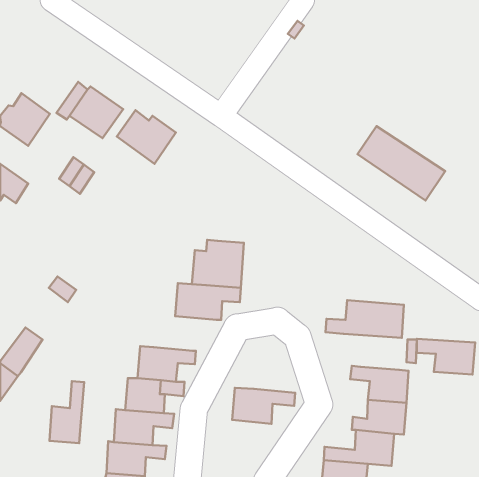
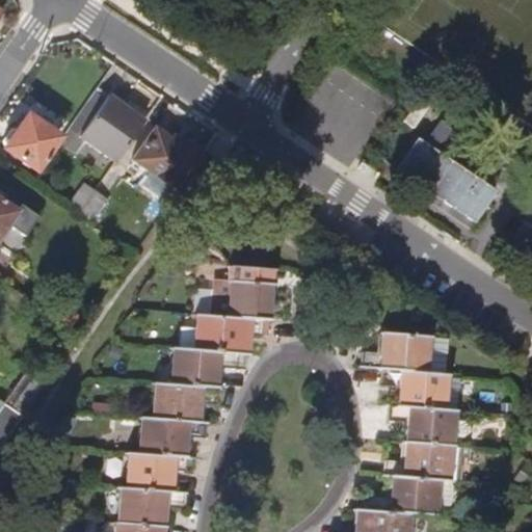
building: [417,339,475,375] -> [381,373,446,413]
building: [49,381,84,443] -> none
building: [232,388,295,424] -> [171,352,241,392]

